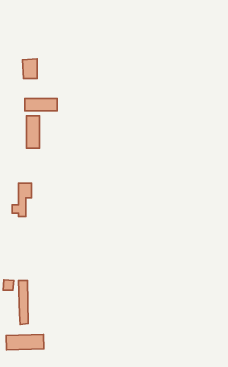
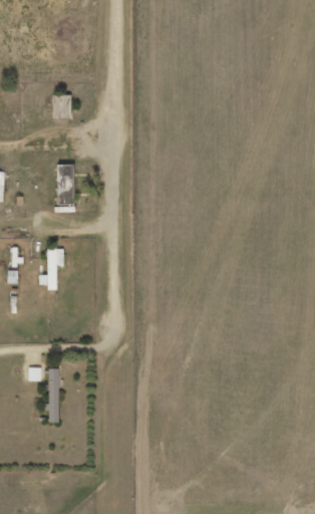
building: [25,99,57,111] -> none
building: [6,334,44,350] -> none

